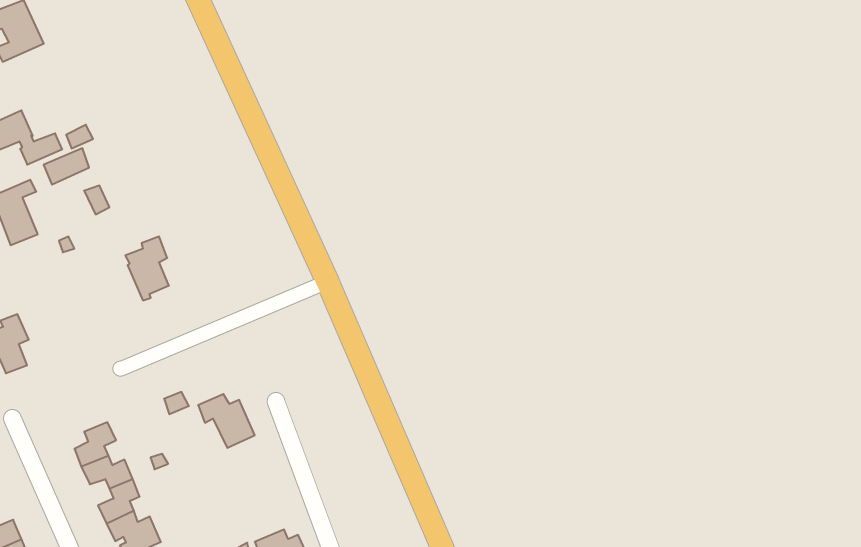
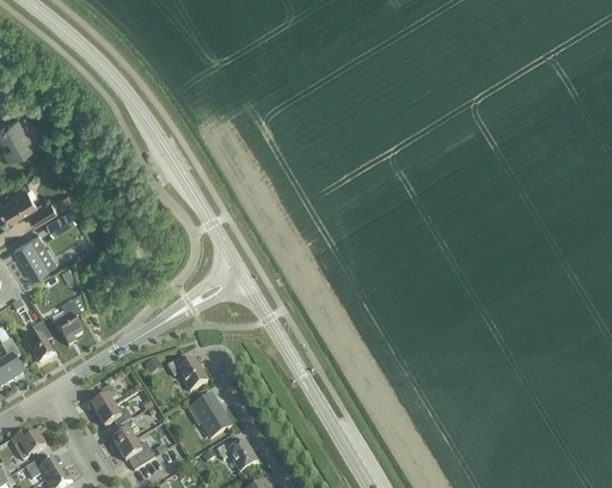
building: [125,236,169,300] -> [49,301,80,344]
building: none -> [186,394,228,438]

